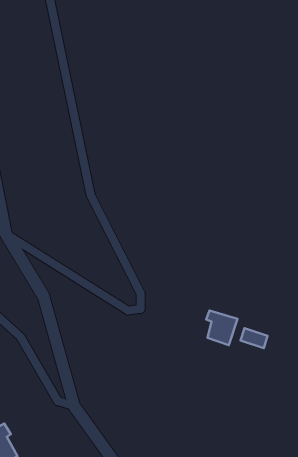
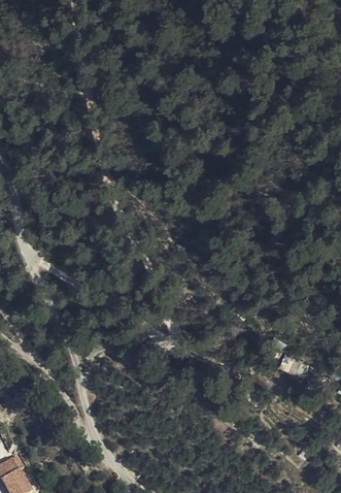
building: [206,310,237,345] -> none

